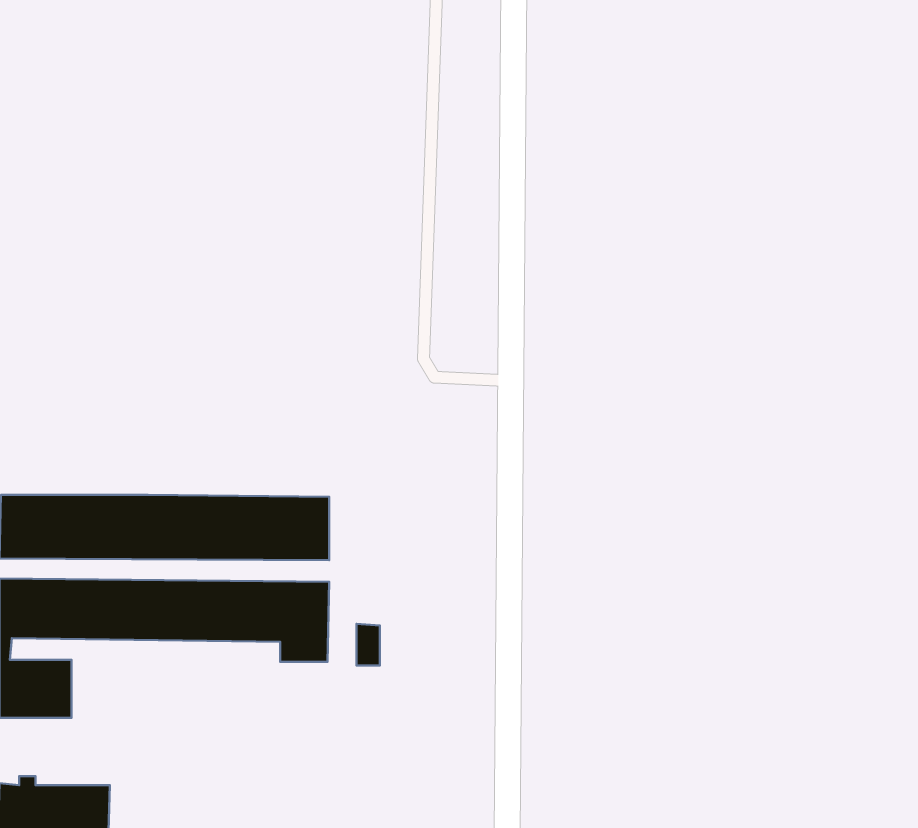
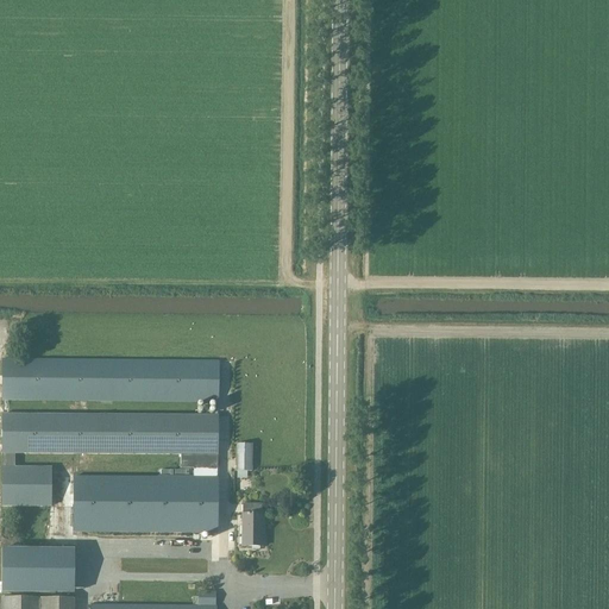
building: none -> [74,467,218,532]
building: none -> [243,503,265,546]

